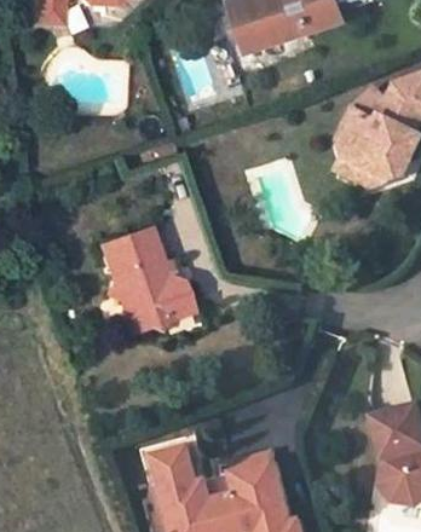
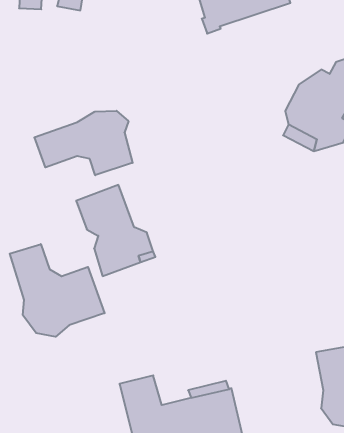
building: none -> [34,111,133,175]
building: none -> [10,244,105,337]

